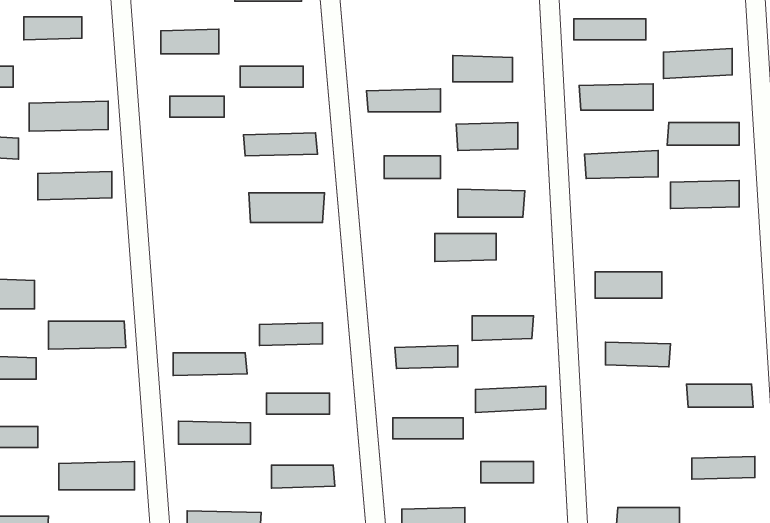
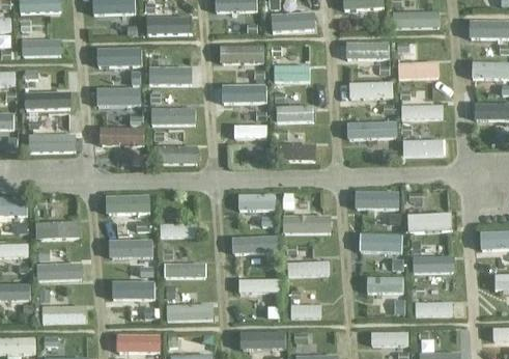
building: none -> [220,46,263,63]
building: none -> [100,128,144,145]
building: [435,233,496,261] -> [238,194,275,211]
building: none -> [106,195,150,214]
building: none -> [407,213,452,232]
building: none -> [38,264,76,280]
building: none -> [367,276,402,293]

